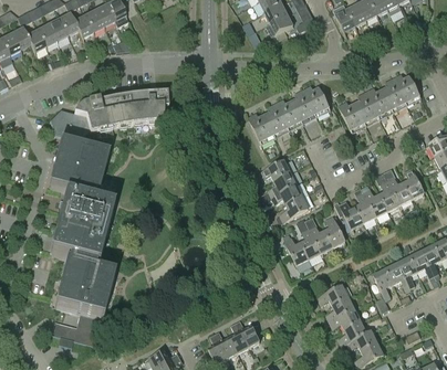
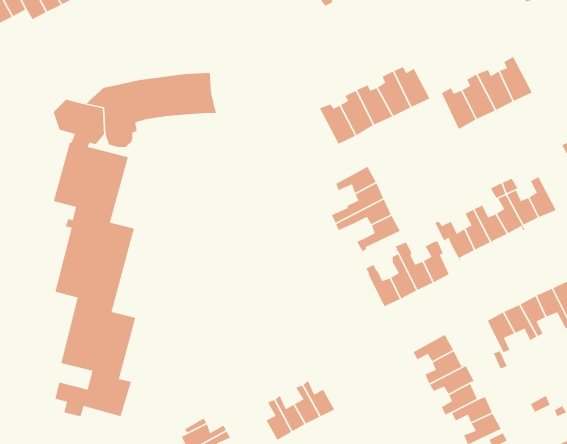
building: [393,73,420,105] -> none

